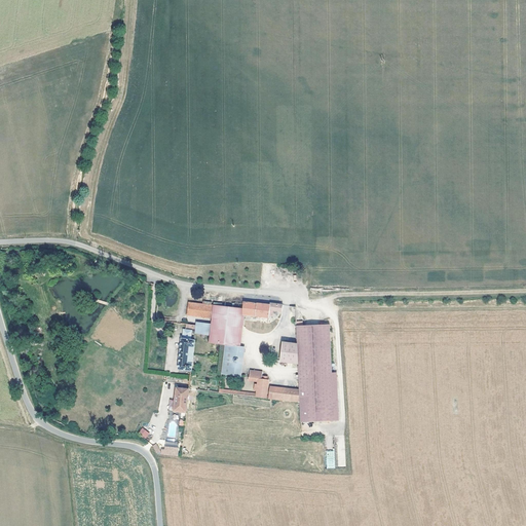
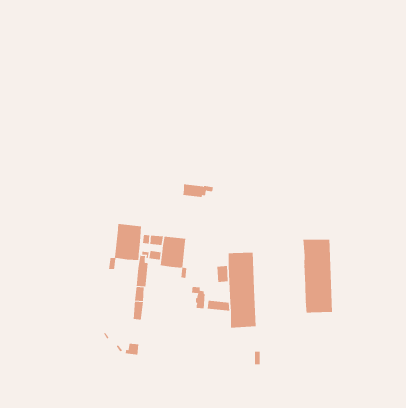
building: none -> [108,223,142,270]
building: [241,300,281,317] -> [183,184,214,197]
building: none -> [303,239,332,314]

